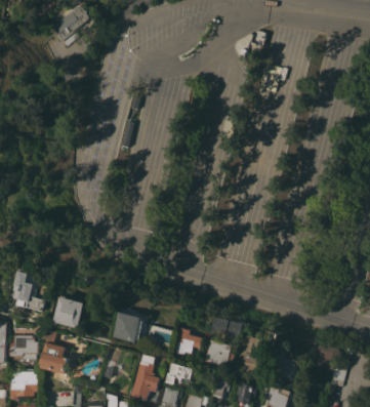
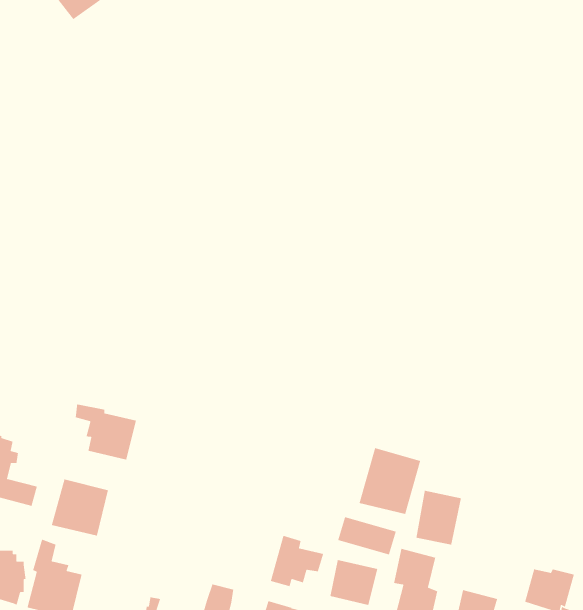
building: none -> [75,404,137,461]
building: none -> [359,447,421,515]
building: none -> [415,490,462,545]
building: [113,312,145,342] -> none

